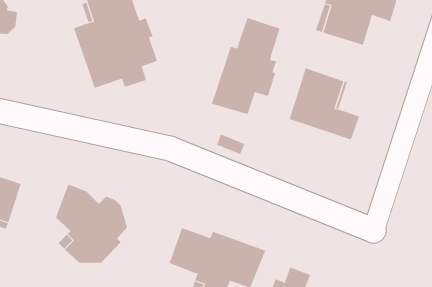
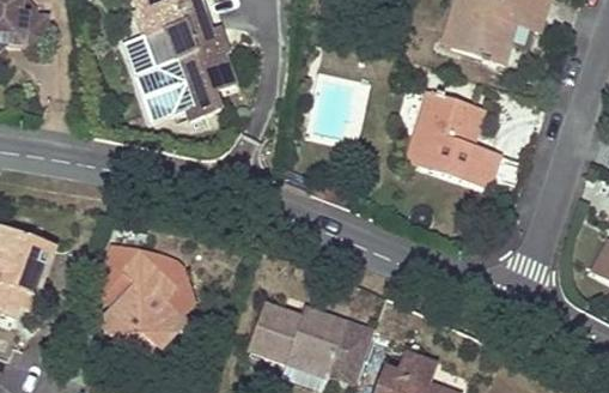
building: [211,17,280,115] -> none

